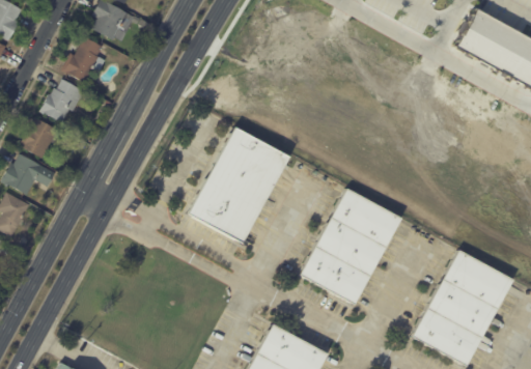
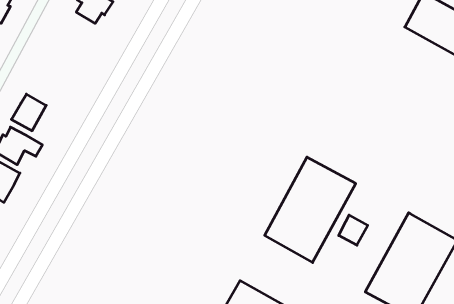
building: [61,37,106,83] -> none
building: [40,79,84,123] -> none
building: [187,125,288,243] -> none
building: none -> [339,215,368,245]

